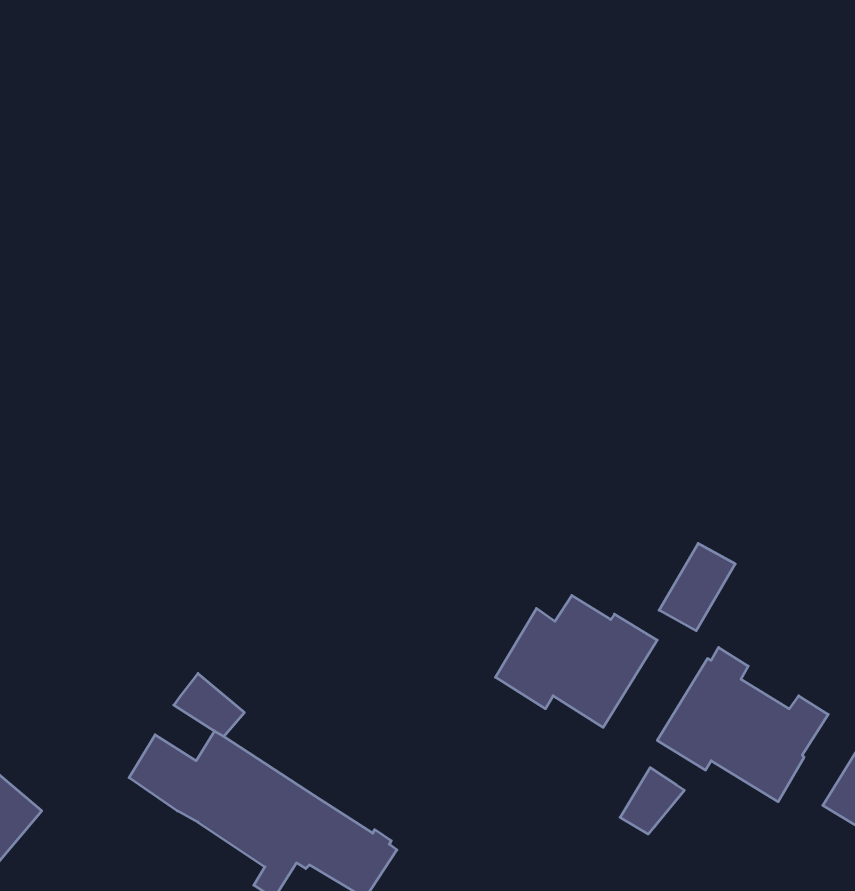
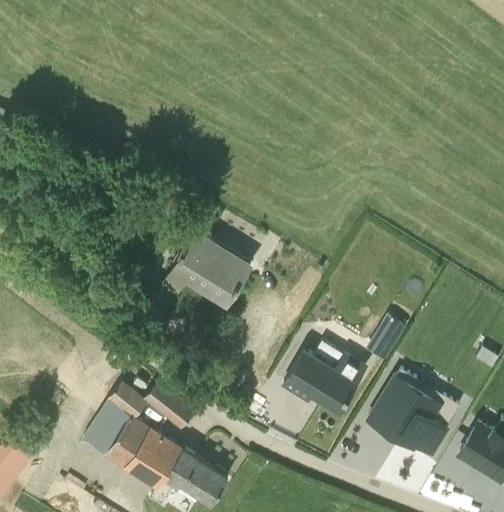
building: none -> [162,229,249,301]
building: none -> [144,382,194,428]
building: [620,768,684,834] -> none

